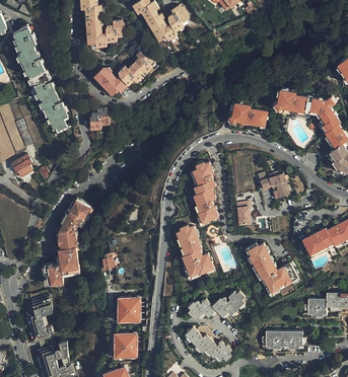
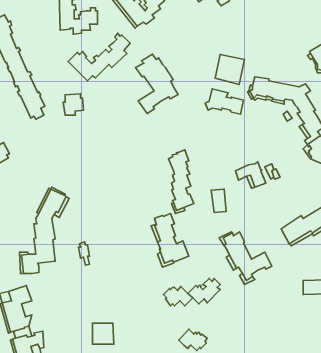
building: none -> [136,54,178,114]
building: none -> [215,54,244,84]
building: [113,298,140,319] -> none
building: [303,298,328,315] -> none
building: [181,325,213,356] -> none
building: [262,329,305,347] -> none

